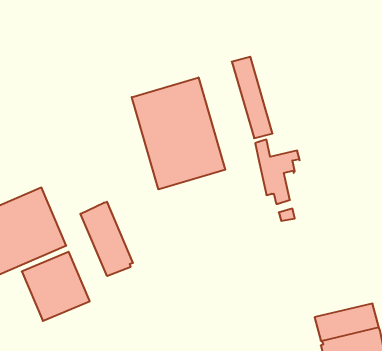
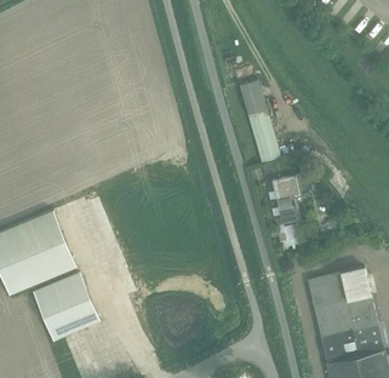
building: [132,77,225,189] -> none
building: [80,202,133,276] -> none
building: none -> [307,267,377,337]

